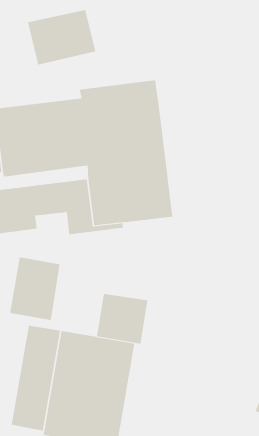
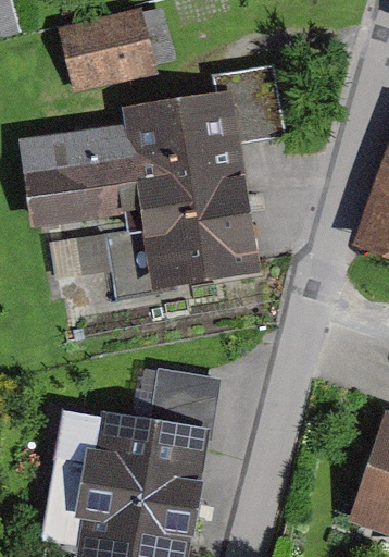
building: none -> [217,65,290,141]
building: [10,256,60,321] -> none

